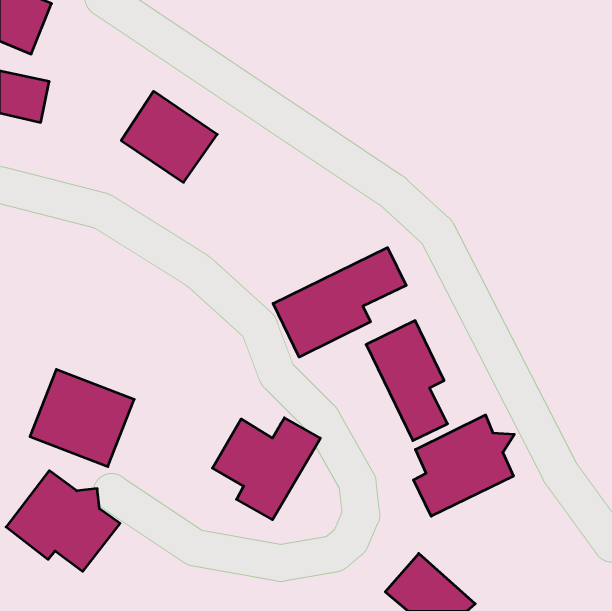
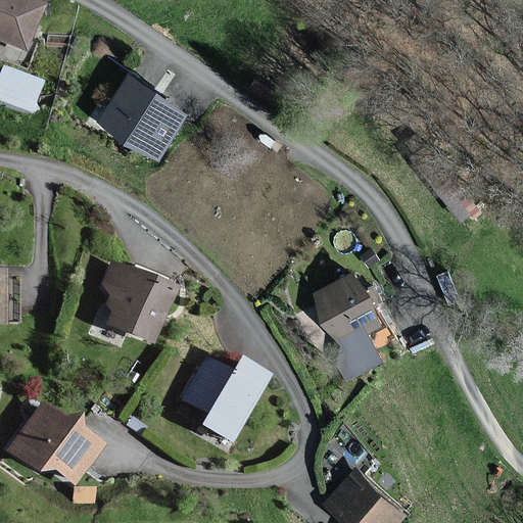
building: [273,248,406,357] -> none
building: [30,369,134,467] -> [89,262,178,344]
building: [413,415,514,516] -> none

